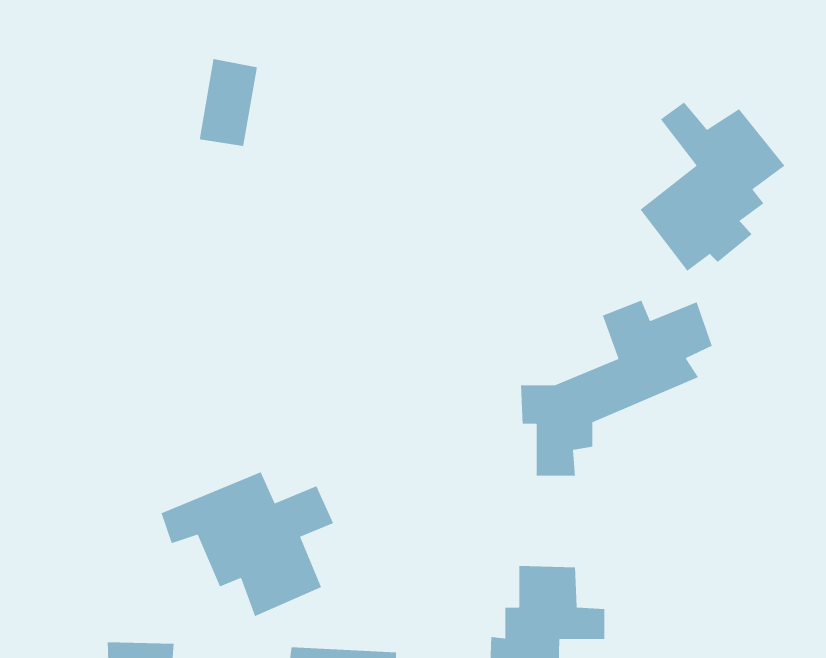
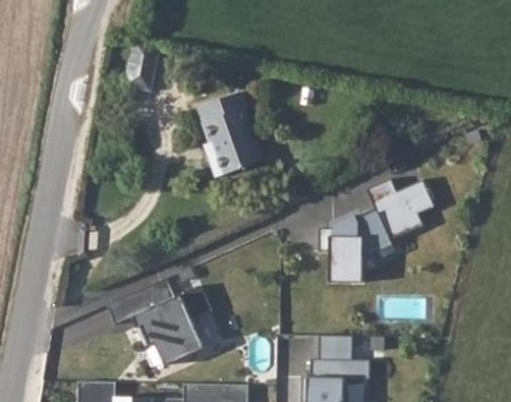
building: [639,101,786,272] -> none
building: none -> [197,93,267,176]

